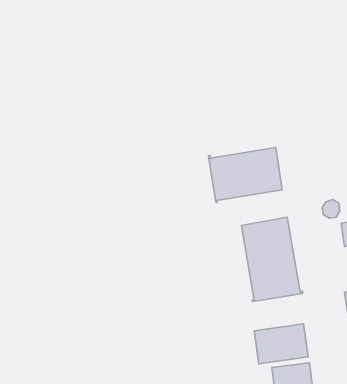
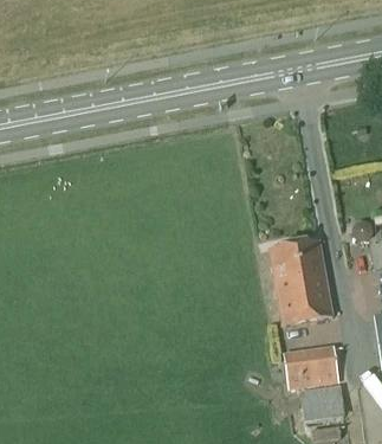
building: [208,147,282,203] -> none

